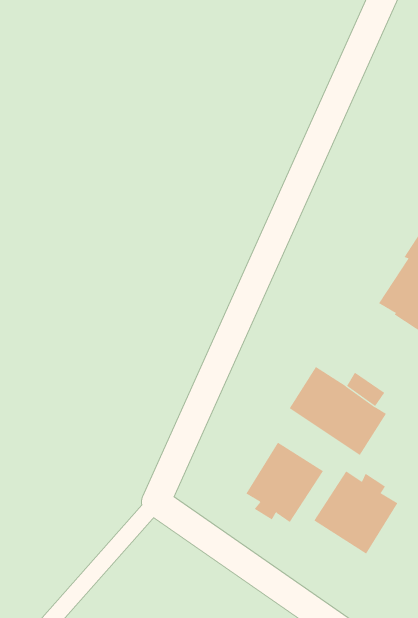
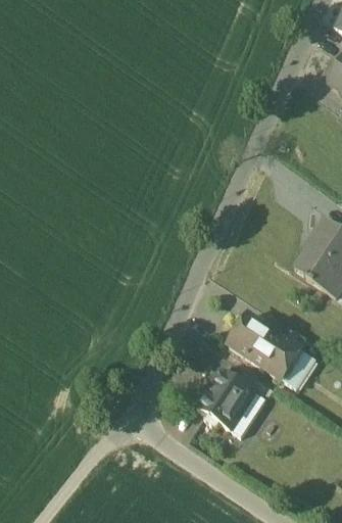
building: [313,471,398,554] -> none

